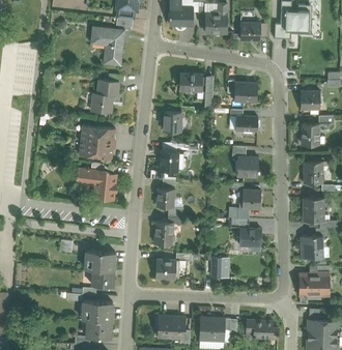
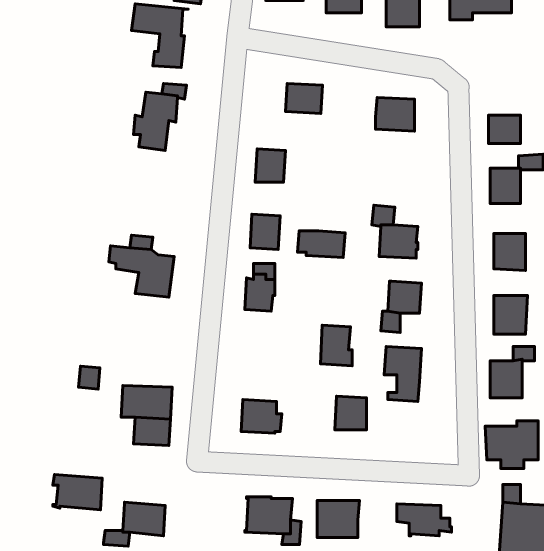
building: [230,117,258,133] -> [297,231,345,257]
building: [79,126,115,158] -> none
building: [155,222,174,245] -> [320,325,352,366]
building: [83,301,112,322] -> [53,475,102,510]

